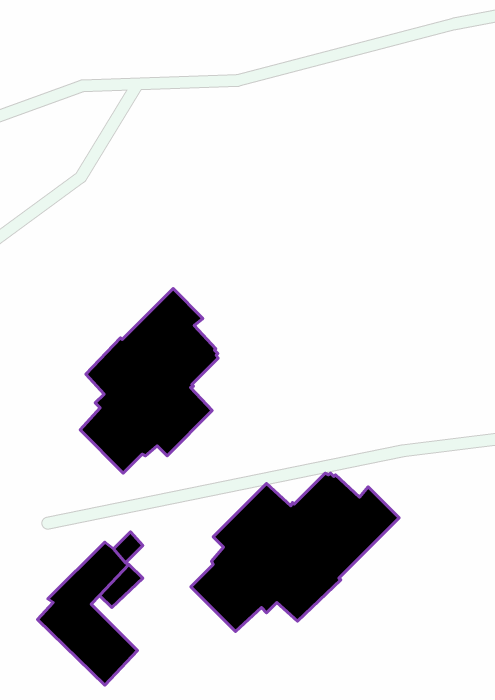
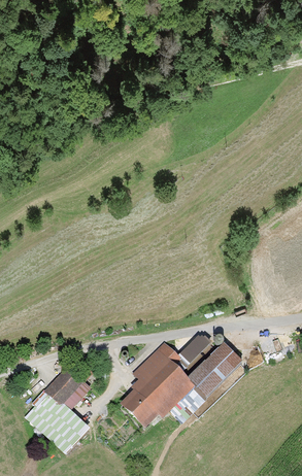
building: [80,289,218,473] -> none

